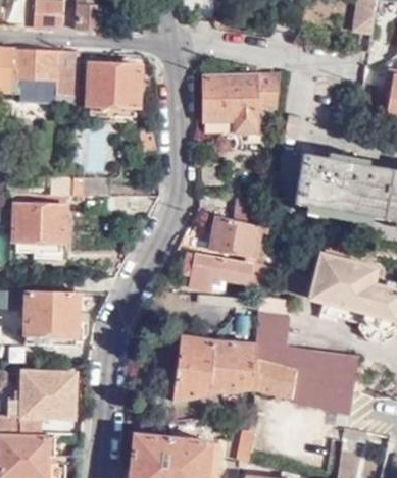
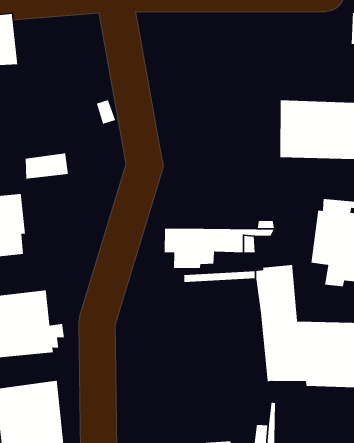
building: [88,63,142,121] -> none
building: [203,72,281,129] -> none
building: [211,214,265,258] -> none
building: [171,334,257,402] -> none

